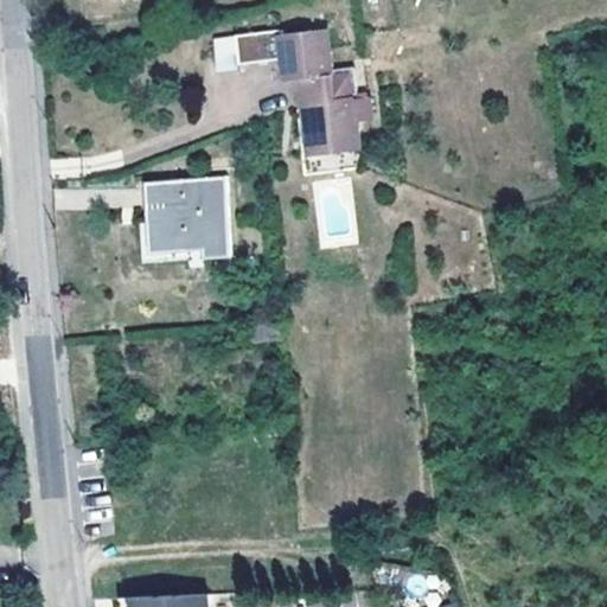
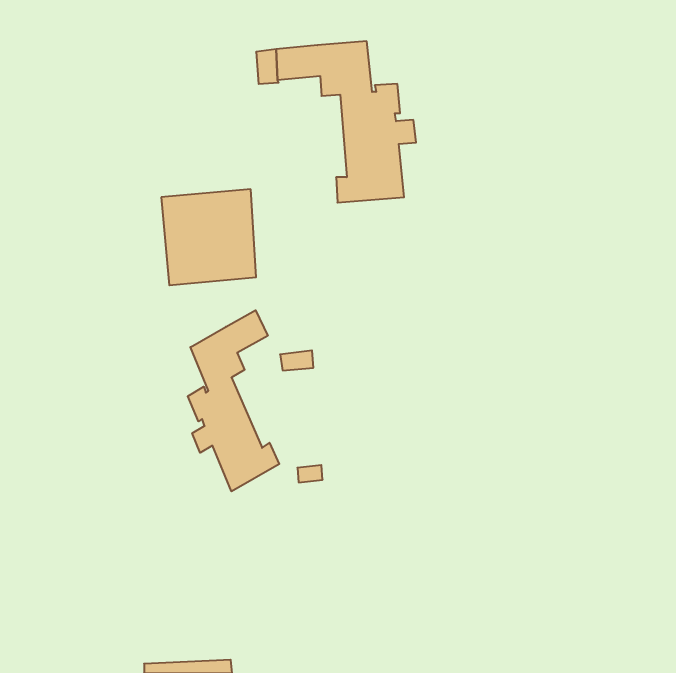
building: none -> [188,310,279,491]

